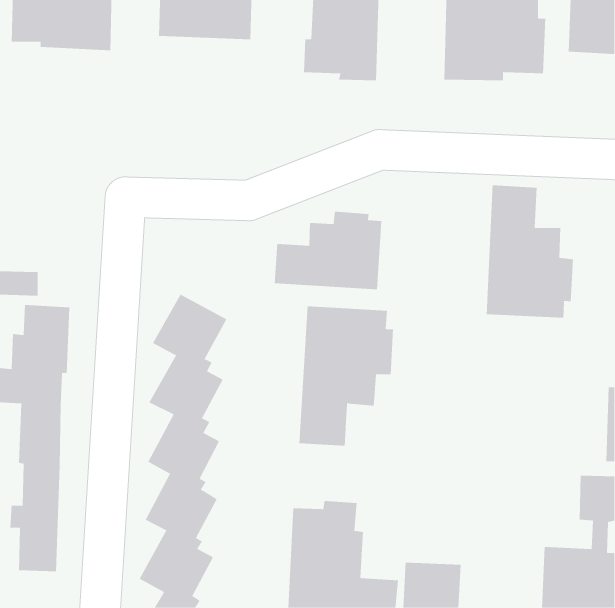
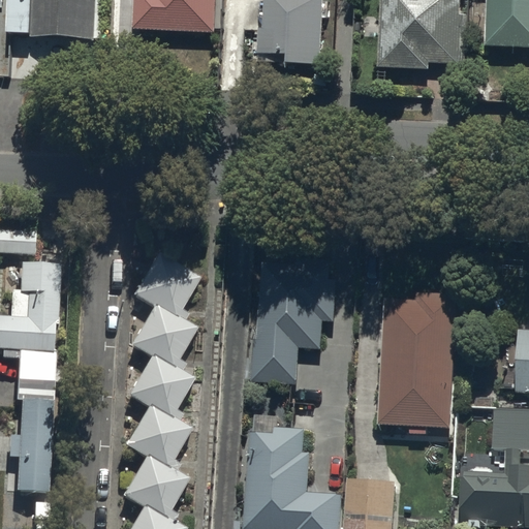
building: [486,185,574,319] -> none
building: [274,211,382,290] -> none
building: none -> [380,293,459,434]

